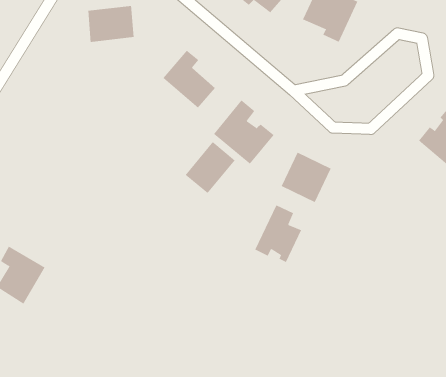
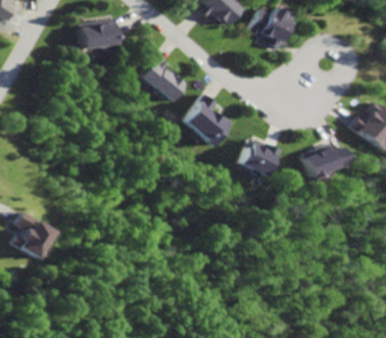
building: [185,141,236,194] -> none
building: none -> [301,148,346,177]
building: [254,205,302,263] -> none

